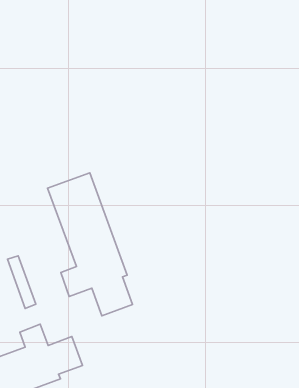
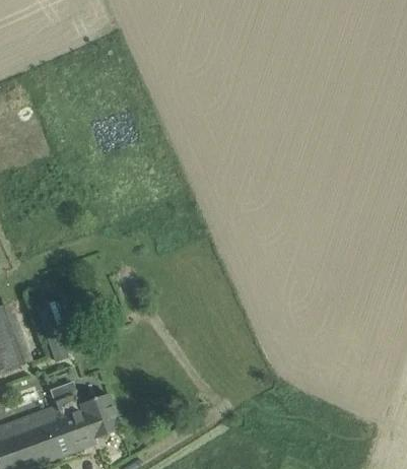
building: [48,173,133,316] -> none

